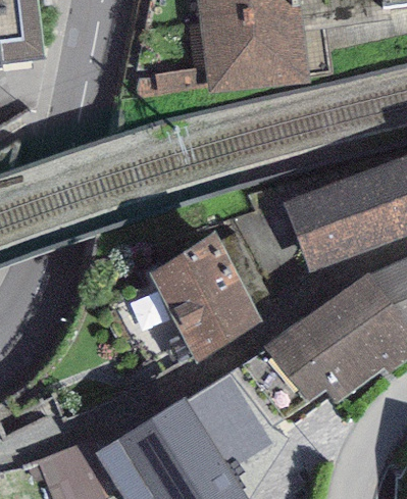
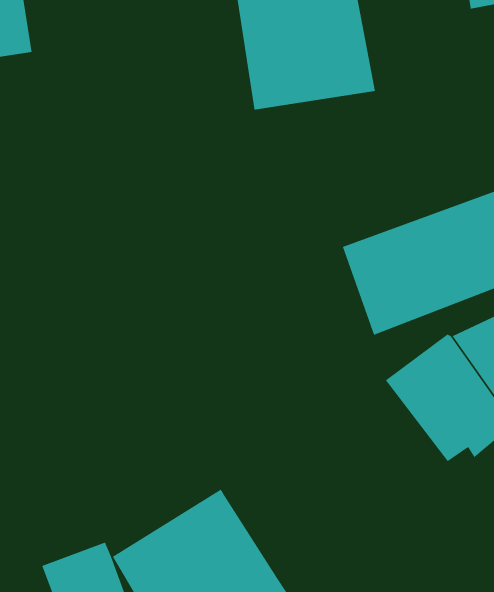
building: [149,230,264,368] -> none
building: [265,310,368,403] -> none
building: [188,376,273,470] -> none

